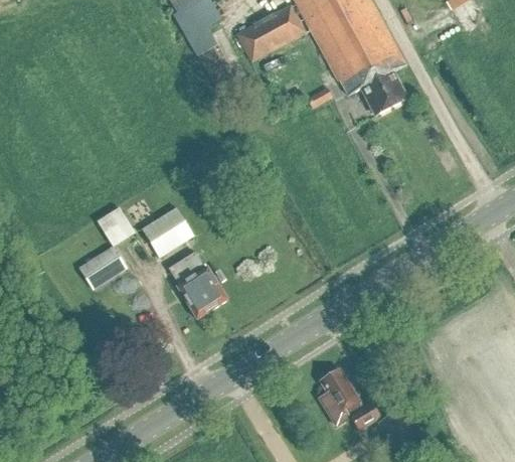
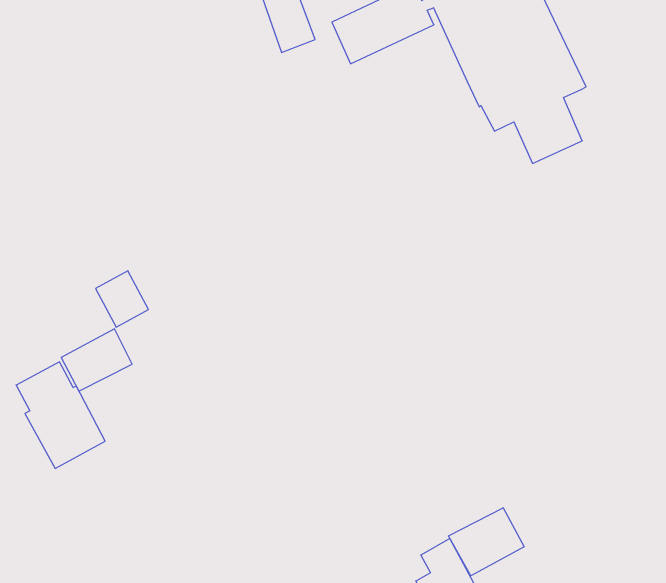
building: [141,206,192,254] -> none
building: [167,249,227,318] -> [16,362,105,468]
building: none -> [448,508,524,576]

